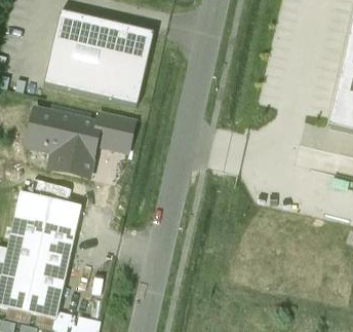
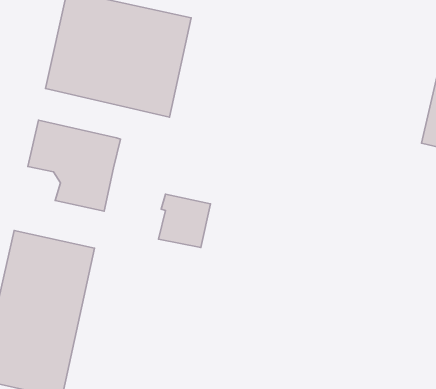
building: [95,109,134,149] -> [159,194,210,247]

